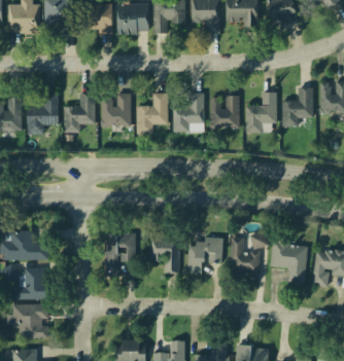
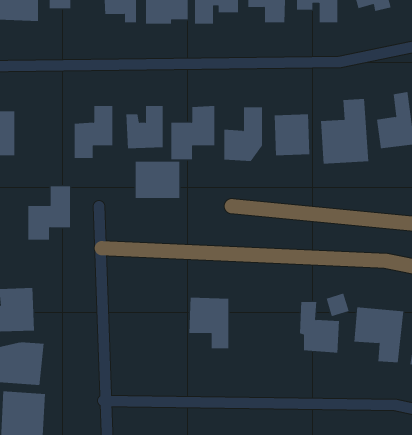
building: [28,94,60,134] -> [27,186,71,240]
building: none -> [135,161,180,199]
building: [104,232,136,276] -> none
building: [187,237,223,274] -> none

